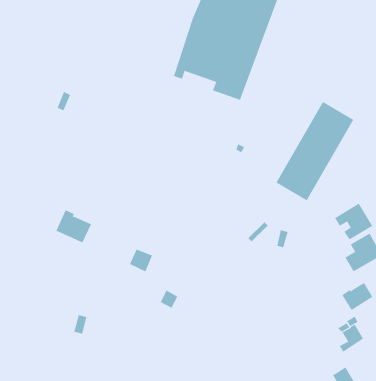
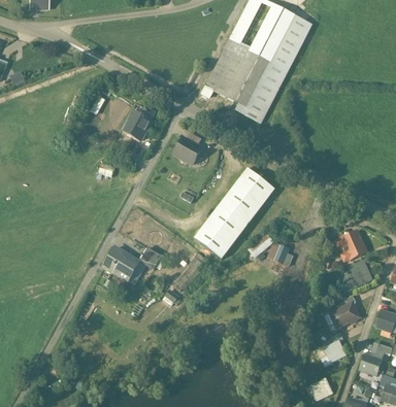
building: none -> [124,107,155,140]
building: [275,101,354,201] -> [195,168,274,258]
building: none -> [174,137,202,164]
building: [55,209,92,243] -> [104,247,138,280]

